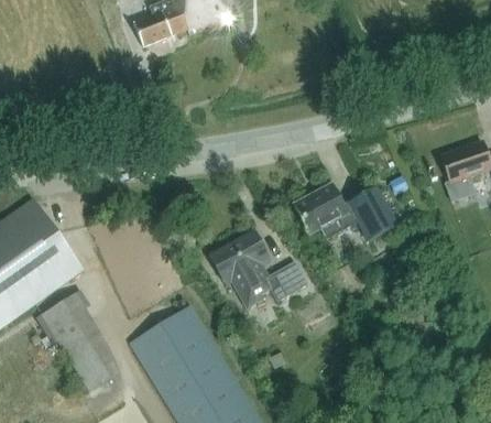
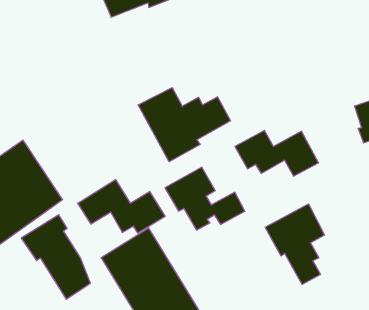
building: none -> [138,88,230,162]
building: none -> [78,180,165,233]
building: none -> [265,204,324,284]

